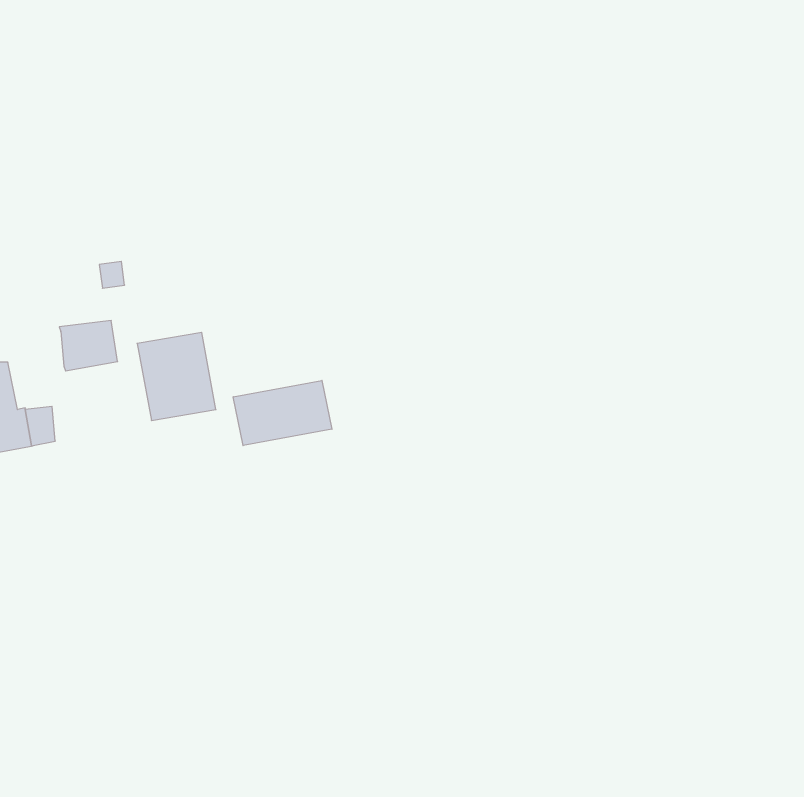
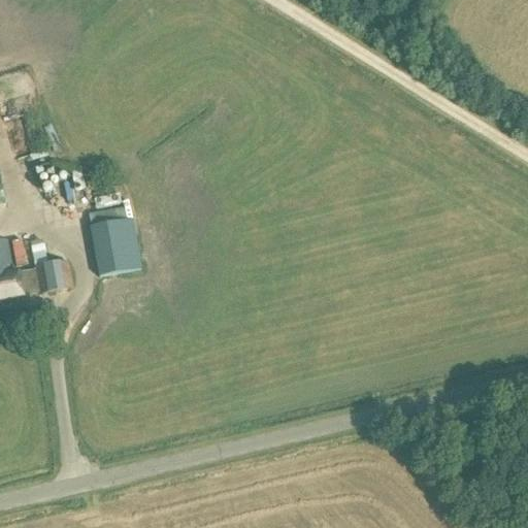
building: [59,321,118,371] -> [33,259,71,292]
building: [233,380,332,446] -> none

